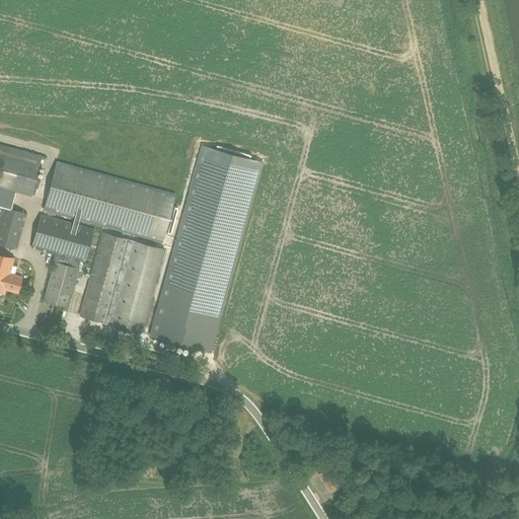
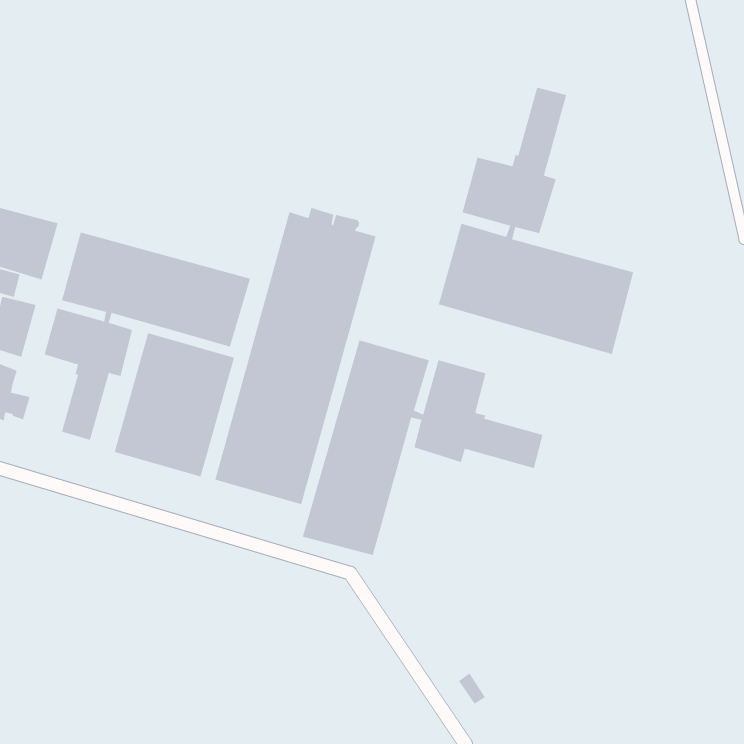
building: none -> [438,87,634,355]
building: none -> [302,340,543,556]

